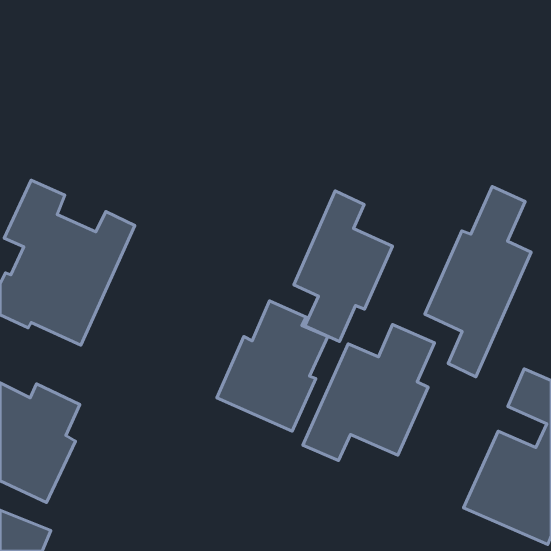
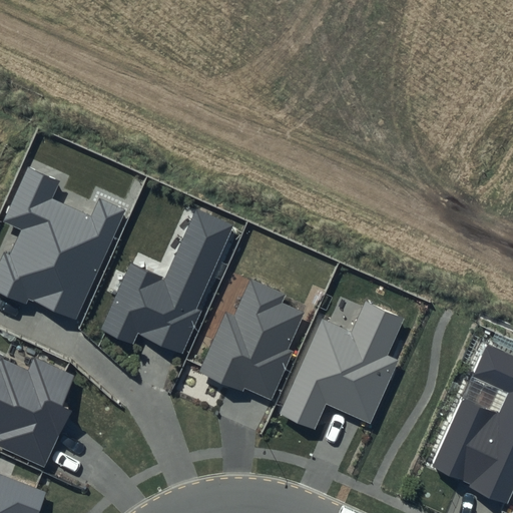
building: [425,186,531,377] -> none
building: [294,191,392,341] -> none
building: none -> [101,207,233,352]

